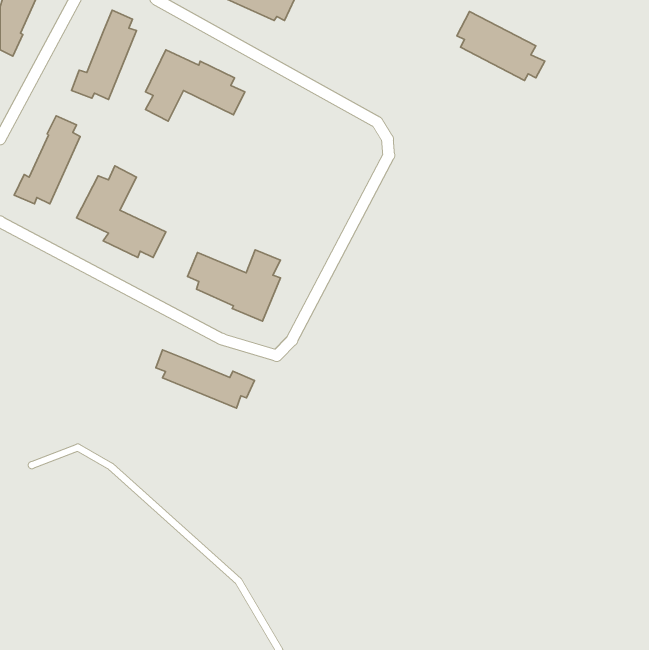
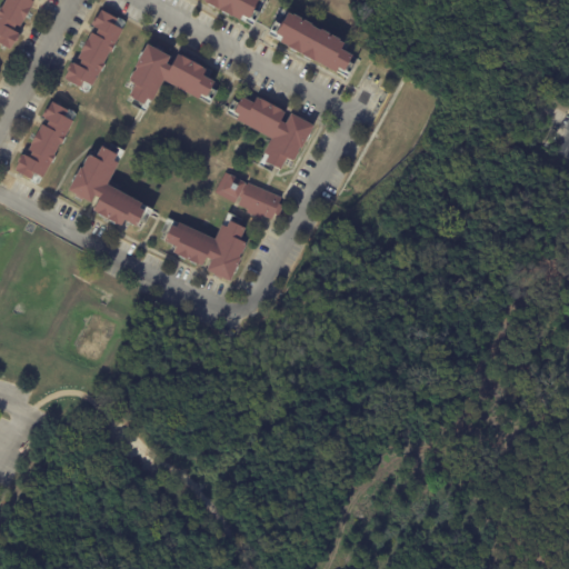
building: [457,12,545,80] -> [277,11,353,71]
building: none -> [233,96,313,169]
building: none -> [214,172,282,220]
building: [156,350,254,408] -> none

